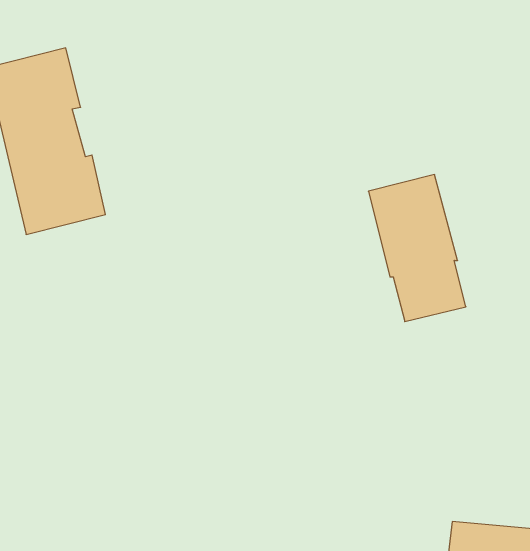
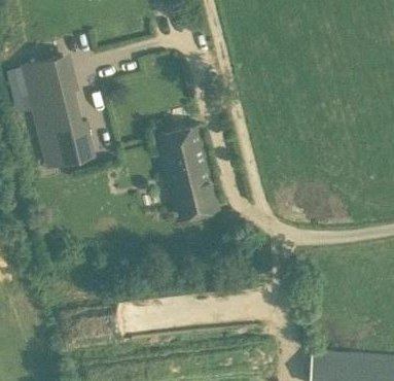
building: [368,175,466,322] -> [157,127,218,218]

